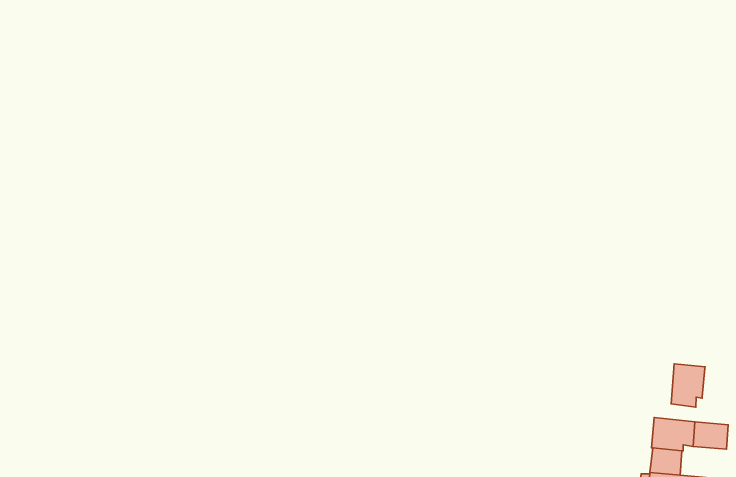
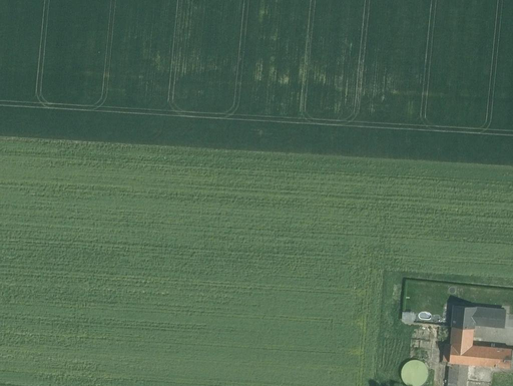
building: [671,364,705,407] -> none

